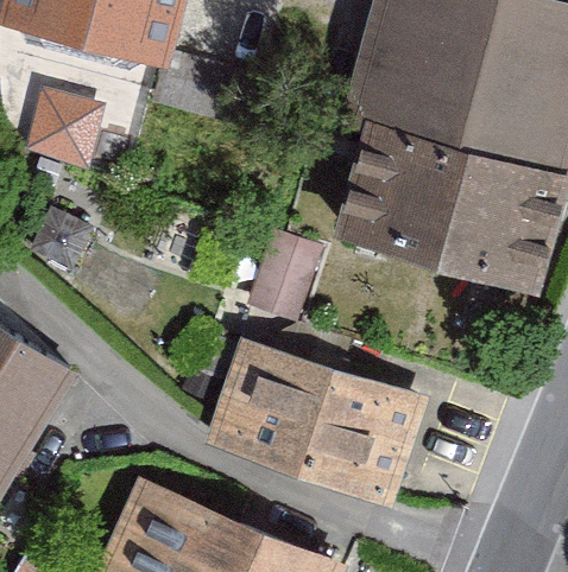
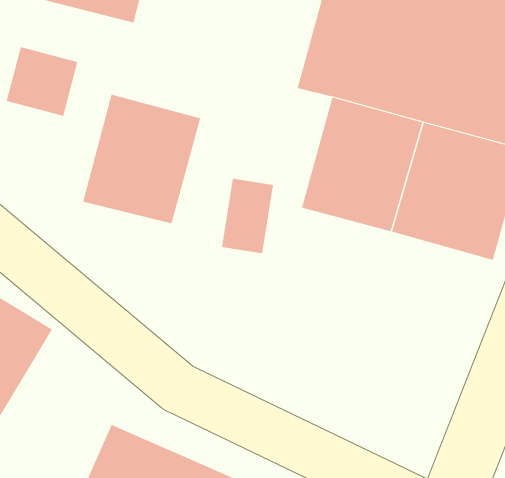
building: none -> [82,94,201,224]
building: [223,326,424,497] -> none

